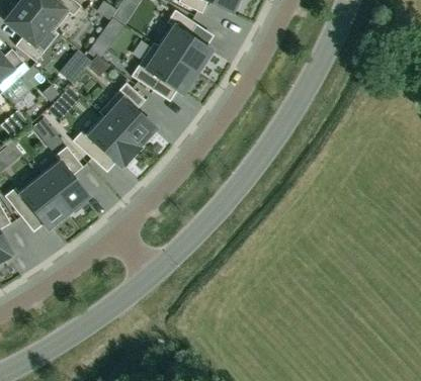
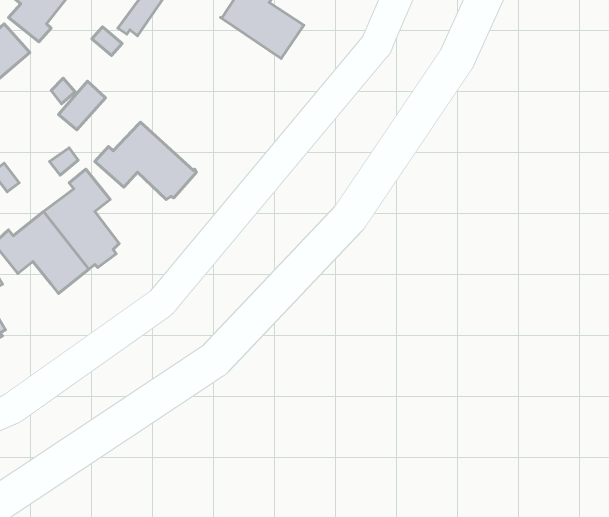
building: [131,42,197,94] -> none
building: [99,83,157,148] -> none

